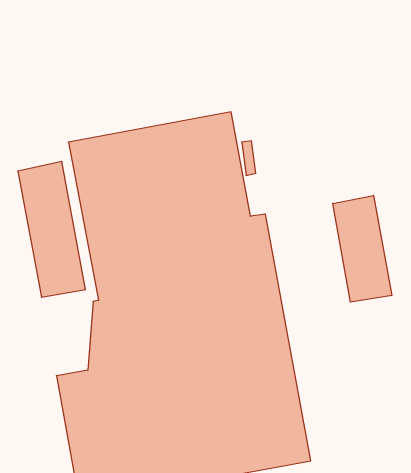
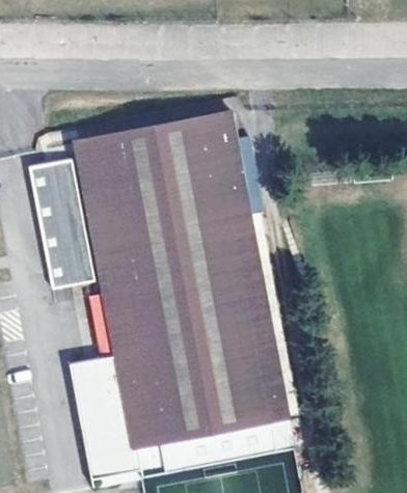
building: [333,195,392,302] -> none

